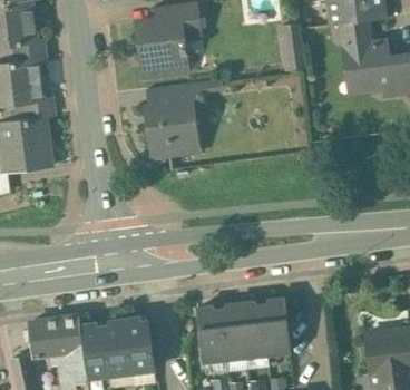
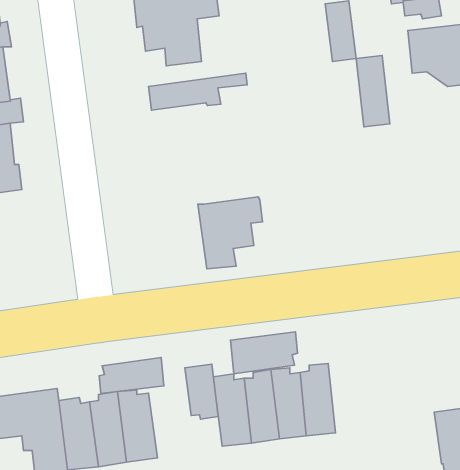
building: none -> [356,55,390,127]
building: [145,100,194,155] -> [198,197,263,269]
building: none -> [230,332,297,374]
building: none -> [99,358,164,394]
building: none -> [185,364,218,419]

